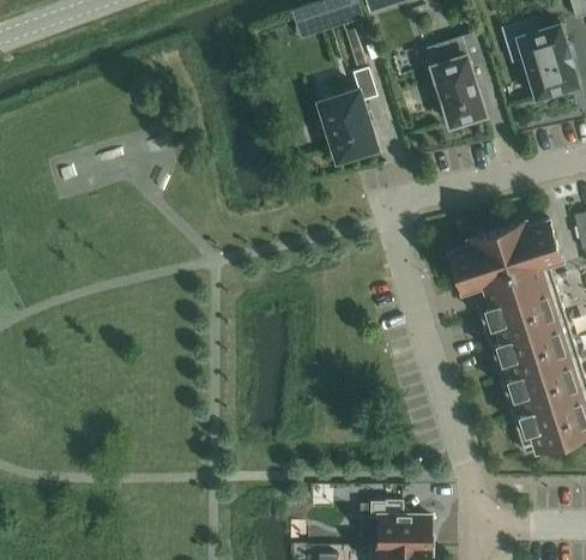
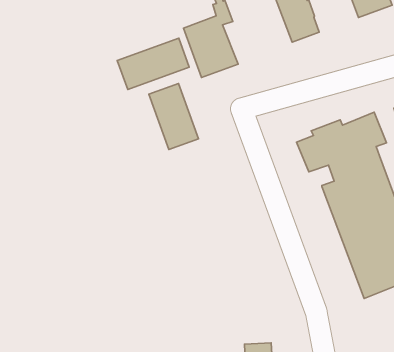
building: none -> [117,38,189,89]
building: none -> [149,83,198,150]

